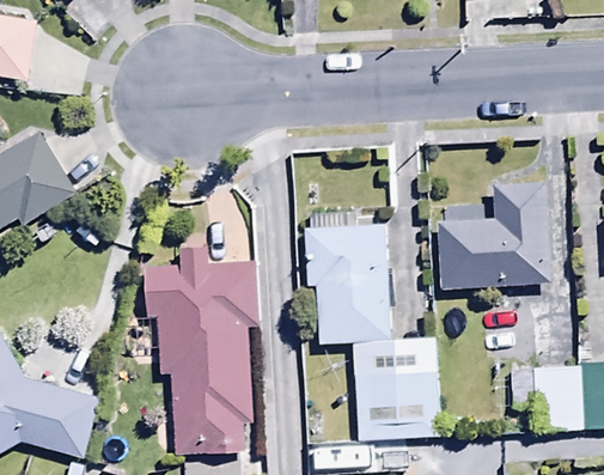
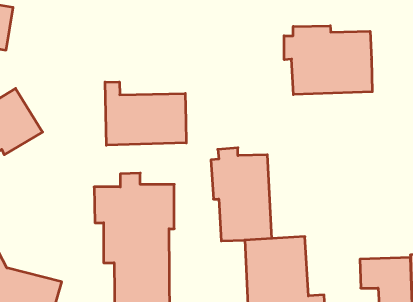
building: none -> [284,26,372,95]
building: none -> [105,82,186,145]
building: [438,182,550,290] -> none

